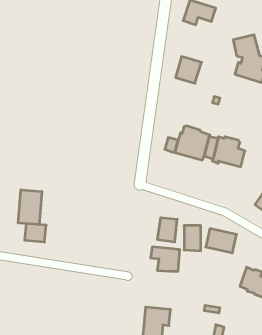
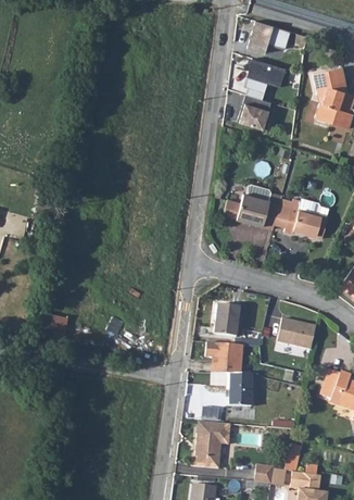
building: none -> [243,59,285,99]
building: [18,190,42,225] -> none
building: [184,226,201,251] -> [229,374,251,407]

